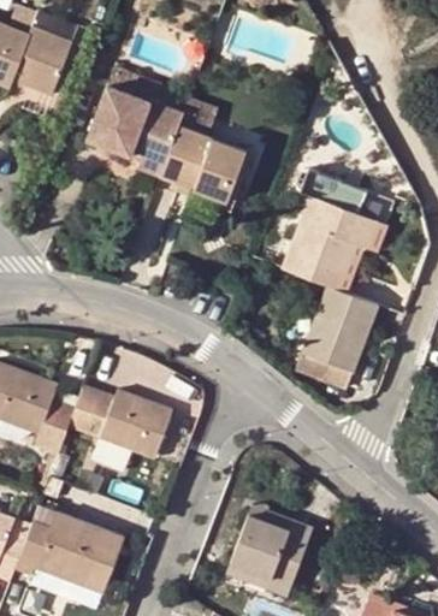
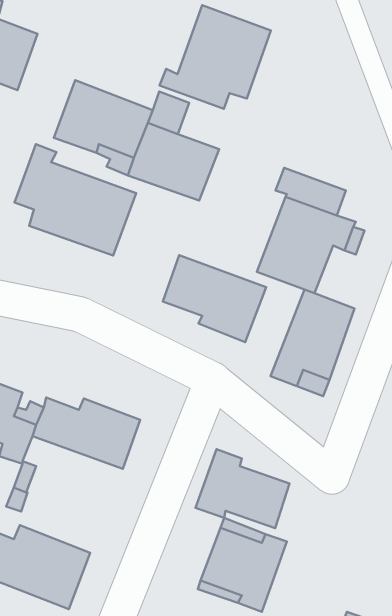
building: none -> [160,5,271,109]
building: none -> [14,144,136,256]
building: none -> [163,255,266,342]
building: none -> [196,449,289,528]

